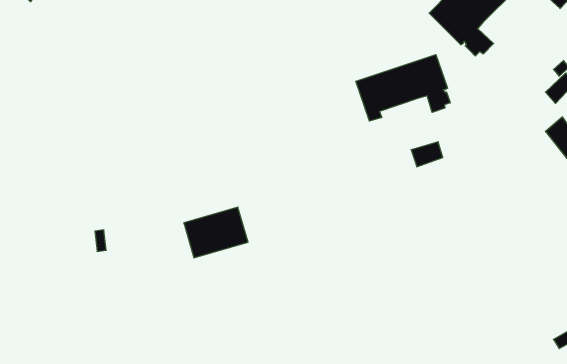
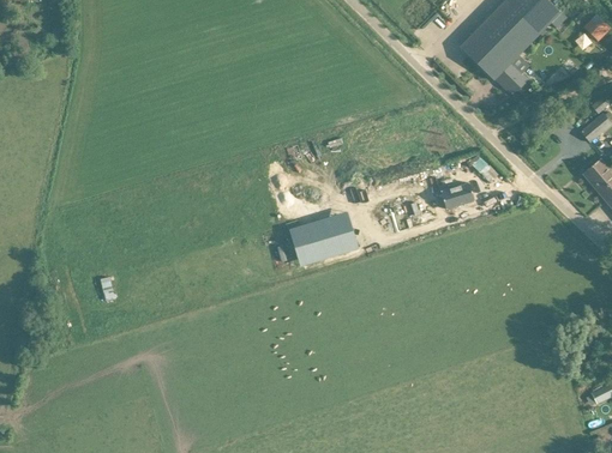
building: [356,55,450,121] -> none
building: [184,207,248,258] -> [289,212,358,266]

